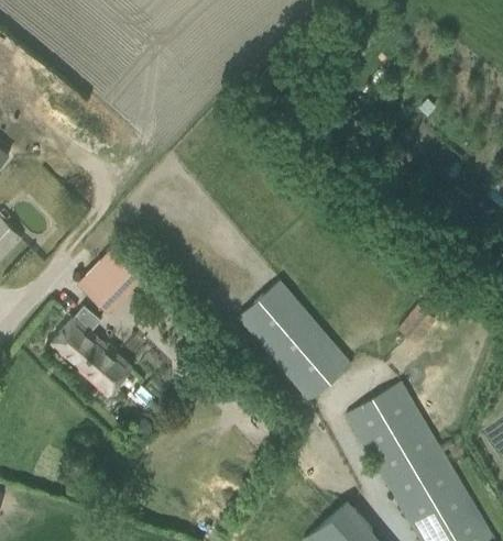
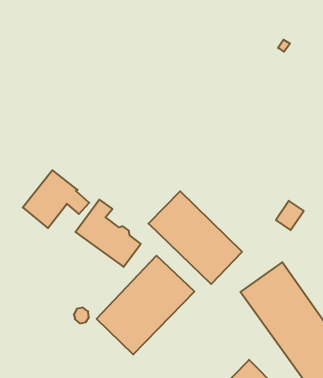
building: [50,307,131,395] -> [75,200,141,267]
building: none -> [97,256,194,355]

